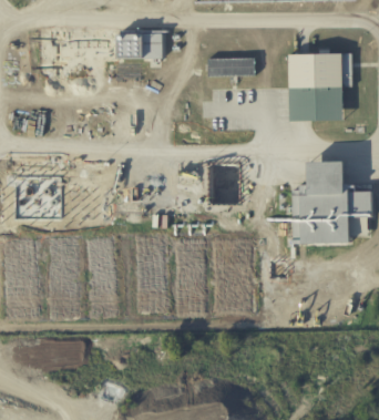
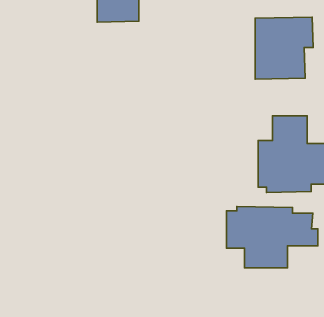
building: [207,58,254,76] -> none
building: none -> [227,207,318,268]

